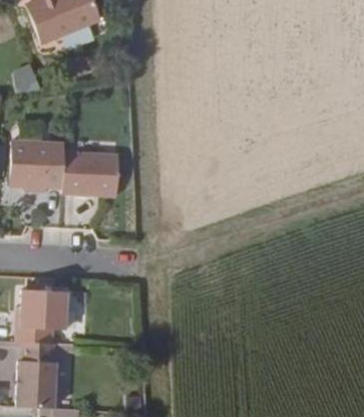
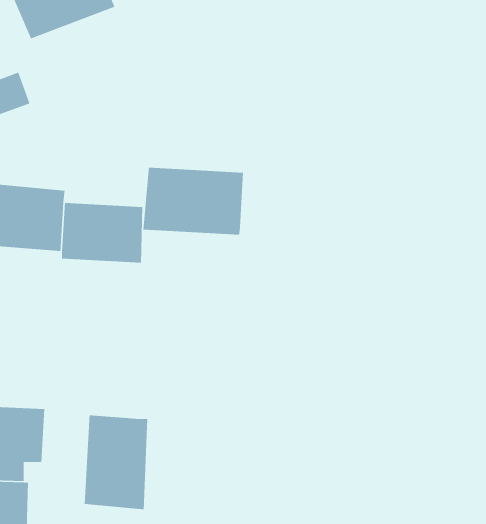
building: none -> [143,167,244,236]
building: none -> [84,414,148,510]

